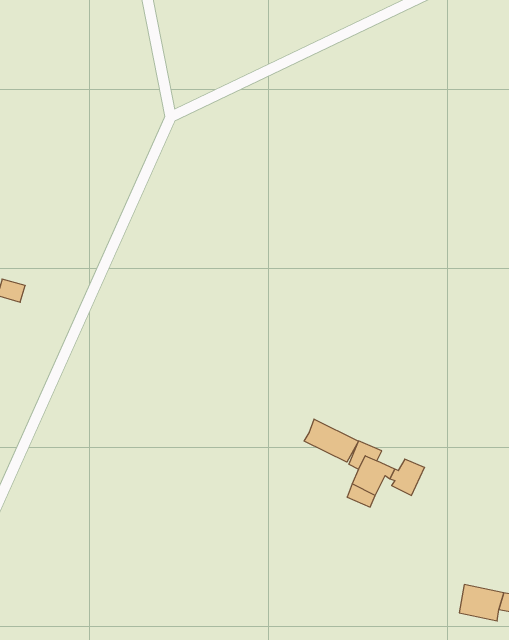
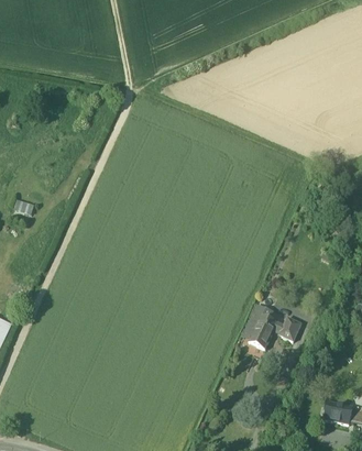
building: [304,419,358,462] -> none

